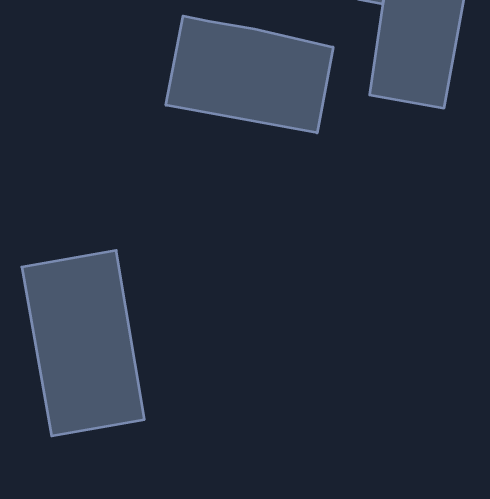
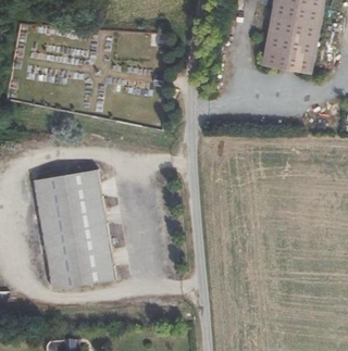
building: [166,16,333,133] -> none

